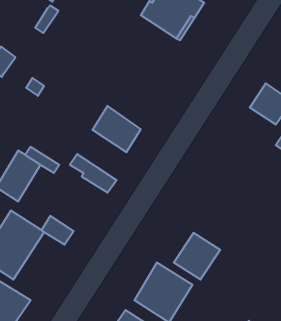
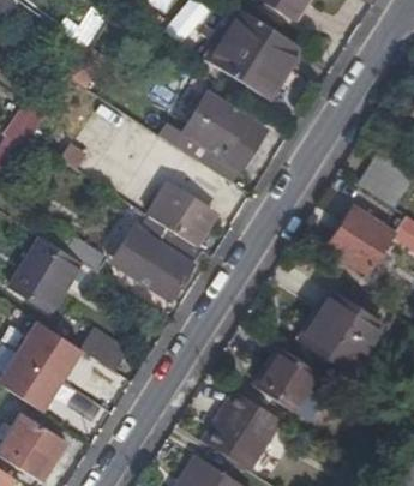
building: none -> [156,89,265,179]
building: none -> [328,208,394,275]
building: none -> [127,214,200,281]
building: none -> [299,293,382,376]

